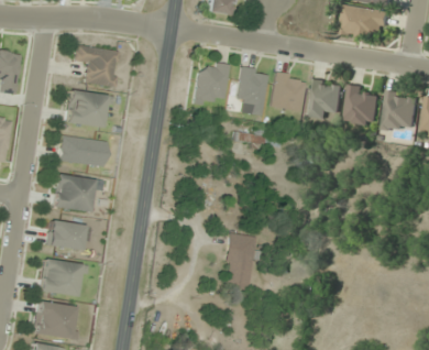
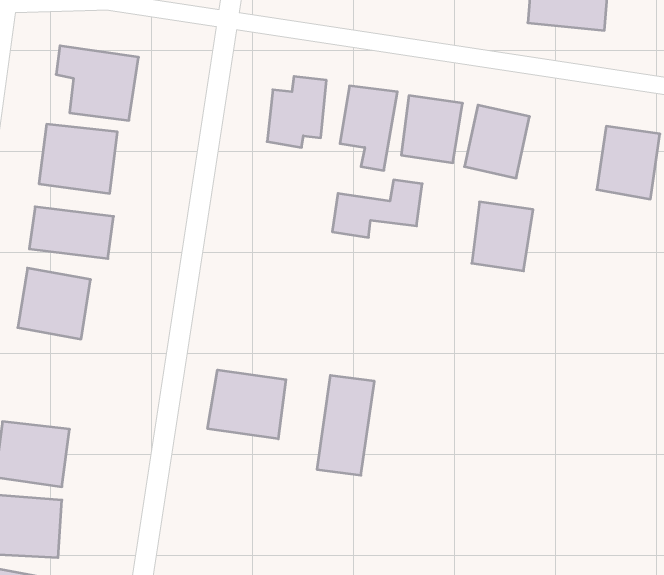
building: [346,85,382,124] -> [472,202,533,271]
building: [47,221,84,249] -> none
building: none -> [208,370,286,439]

